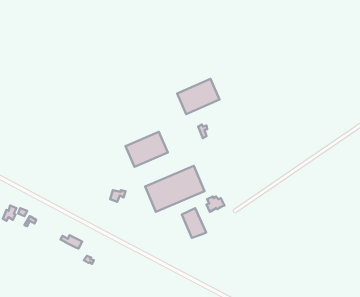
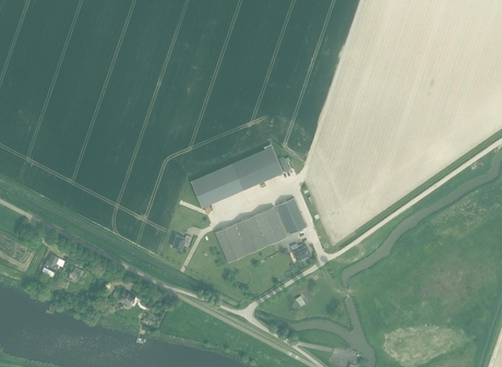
building: [177,79,219,114] -> [231,146,283,189]
building: [182,208,206,238] -> [277,197,307,233]

